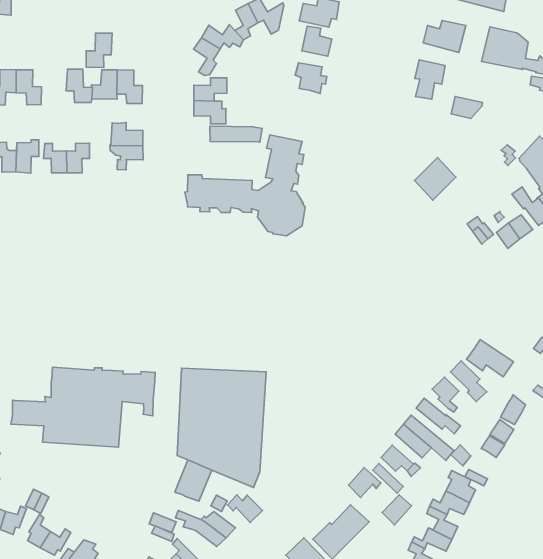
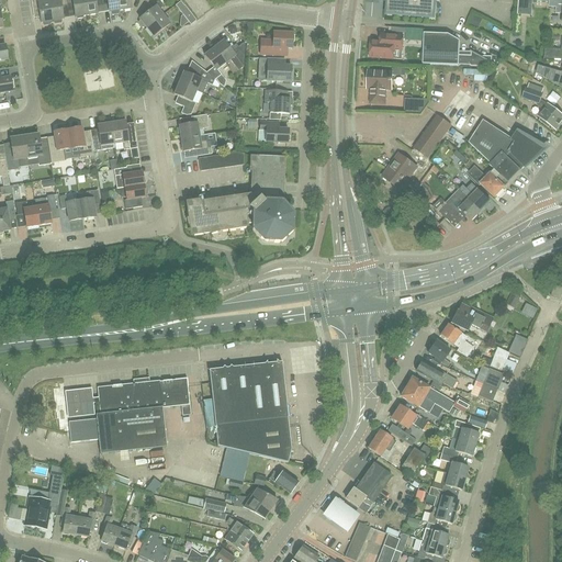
building: [86,33,112,68] -> [48,127,70,160]
building: none -> [258,119,289,140]
building: none -> [414,113,451,156]
building: none -> [65,386,99,415]

